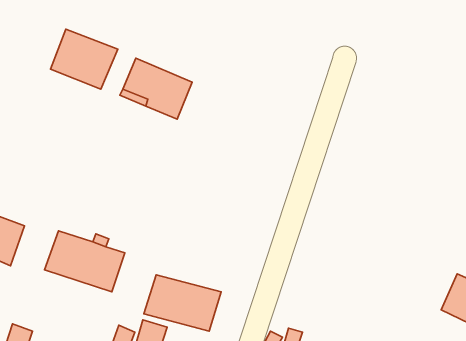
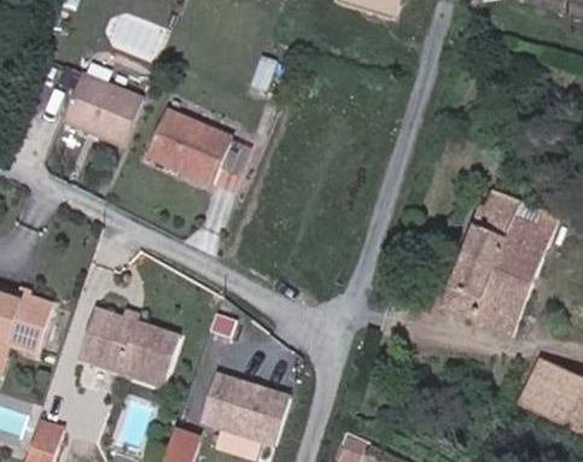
building: none -> [442,183,564,327]
building: none -> [519,358,566,414]

